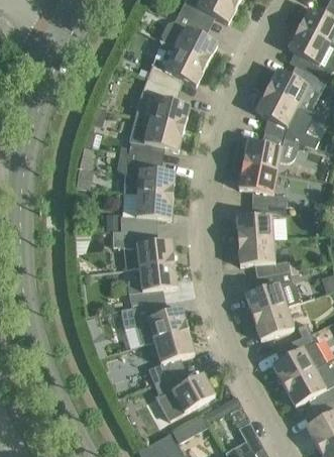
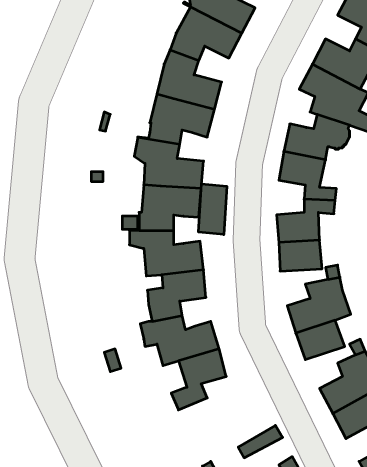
building: none -> [199,184,227,235]
building: [153,372,215,421] -> none

